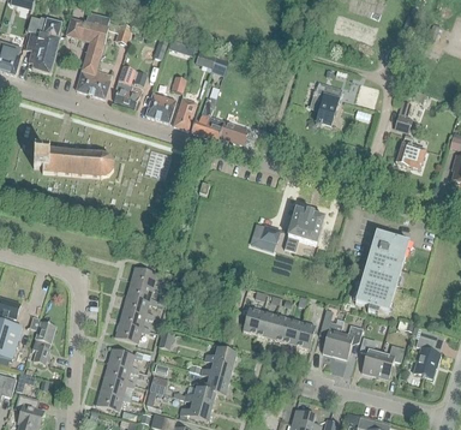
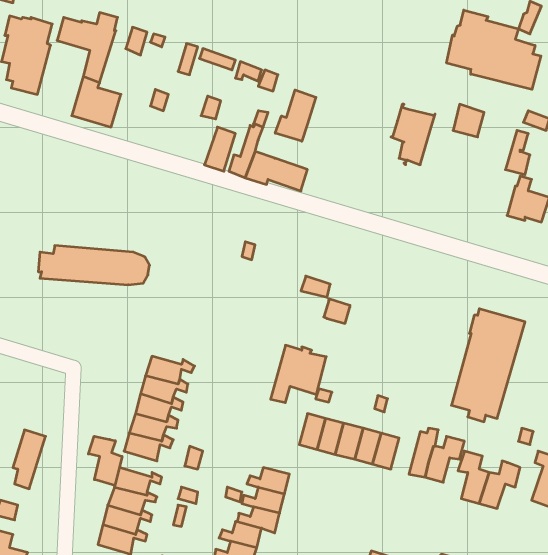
building: none -> [447,10,541,89]
building: [113,66,140,108] -> none
building: none -> [275,90,316,141]
building: [145,94,175,123] -> none
building: [32,148,114,177] -> [38,246,150,285]
building: [283,209,324,251] -> [271,345,326,403]
building: none -> [88,436,122,485]

